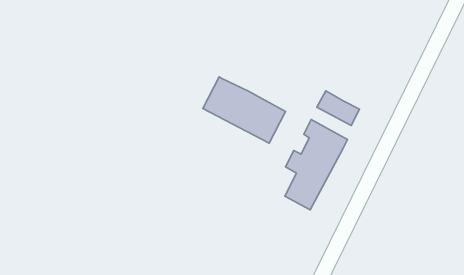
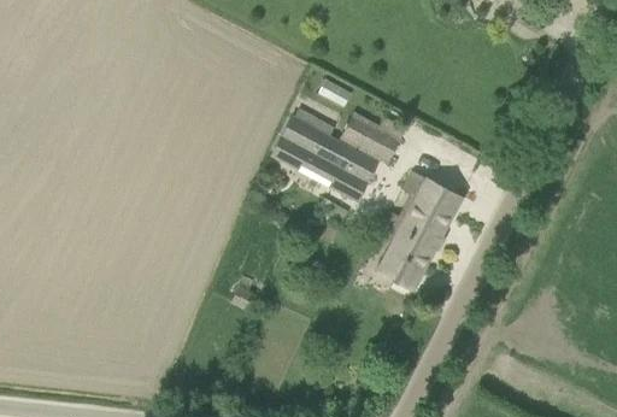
building: [317,91,359,125] -> [342,114,399,160]

